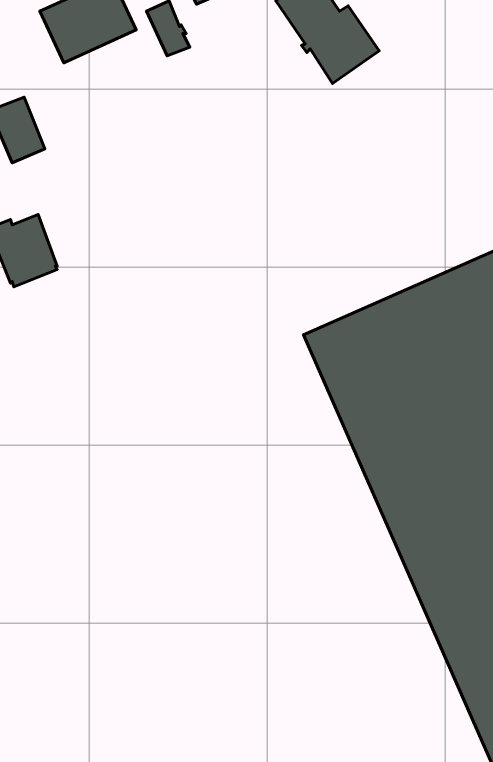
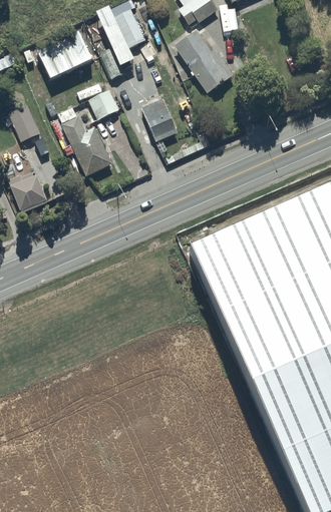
building: none -> [88,89,118,120]
building: none -> [141,99,178,142]
building: none -> [58,108,113,178]

